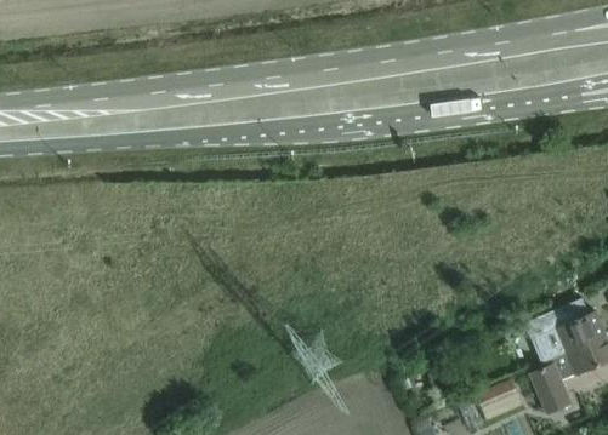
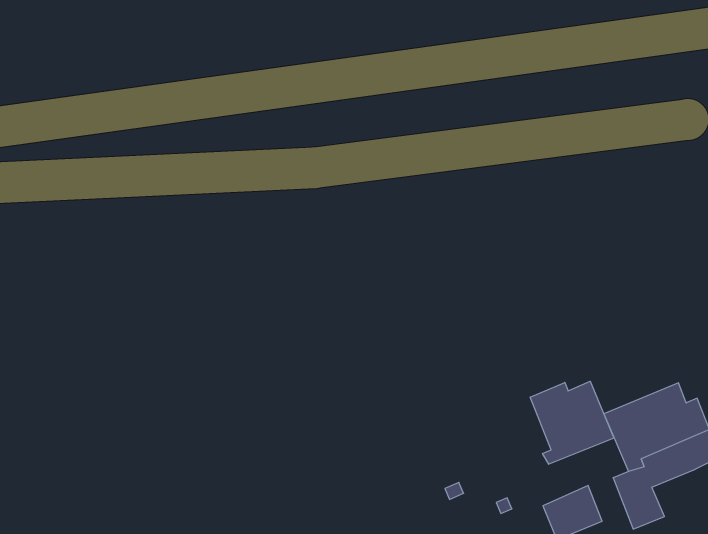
building: none -> [530,381,614,464]

